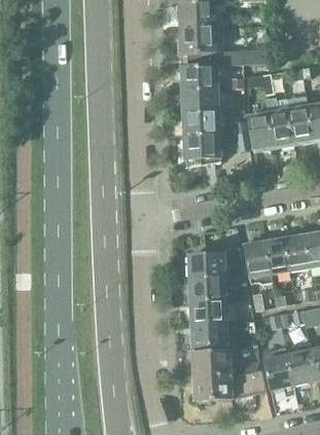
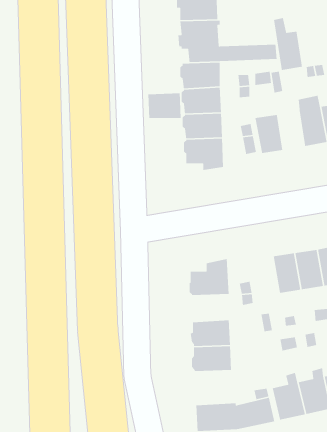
building: none -> [148,92,182,119]
building: [266,97,293,145] -> [273,17,303,71]
building: [245,241,273,285] -> none
building: [188,276,225,300] -> none
building: [191,349,232,375] -> none

